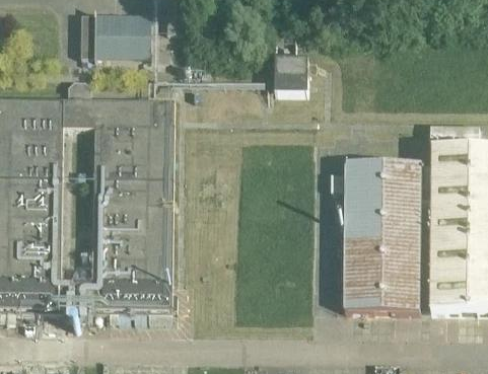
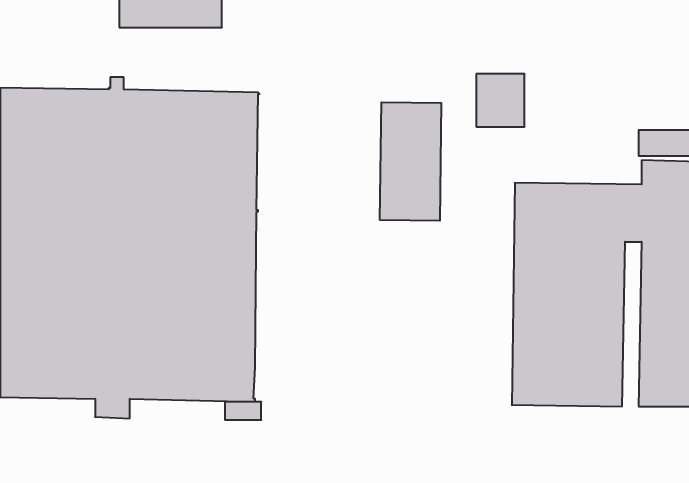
building: [275,57,307,92] -> [476,74,525,127]
building: none -> [380,102,441,221]

